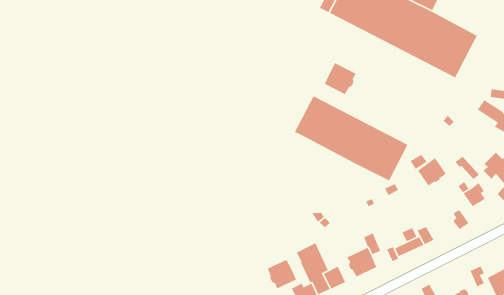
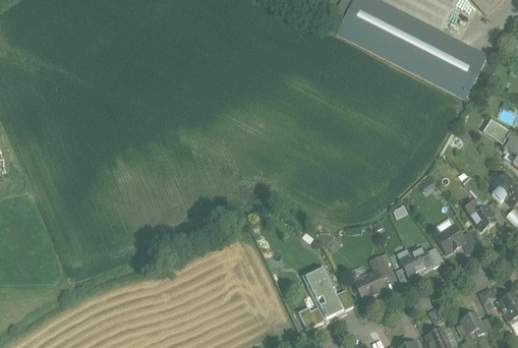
building: [324,63,357,95] -> none
building: [294,95,409,181] -> none
building: [417,157,446,186] -> [435,224,464,253]
building: [267,259,297,289] -> none

